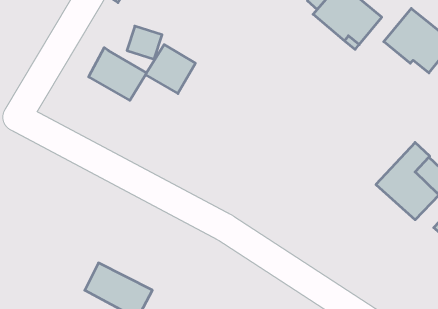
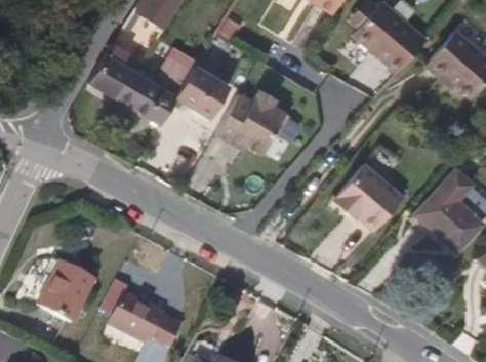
building: none -> [85,52,131,99]
building: none -> [214,88,287,155]
building: none -> [332,163,404,229]
building: none -> [39,260,96,322]

